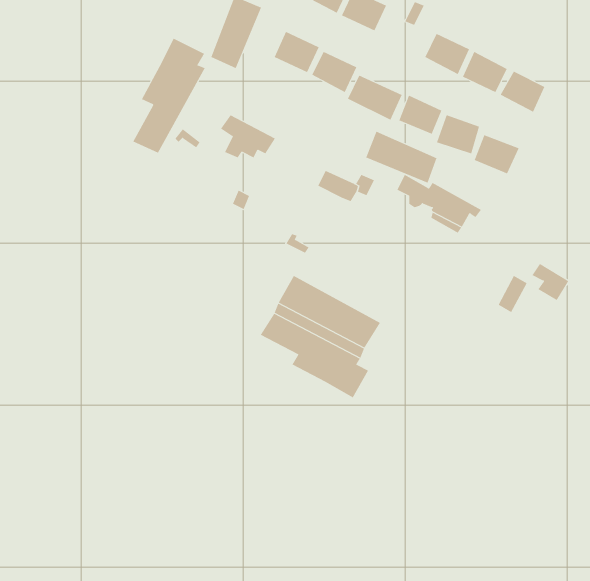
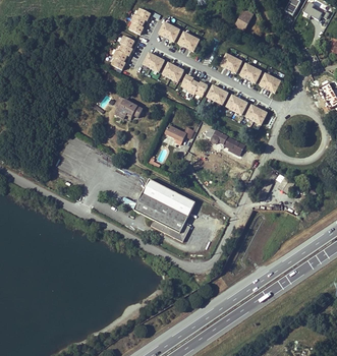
building: [132,38,205,154] -> none
building: [365,131,437,184] -> none

